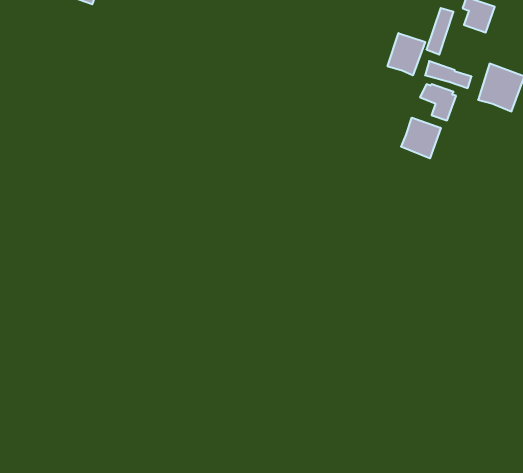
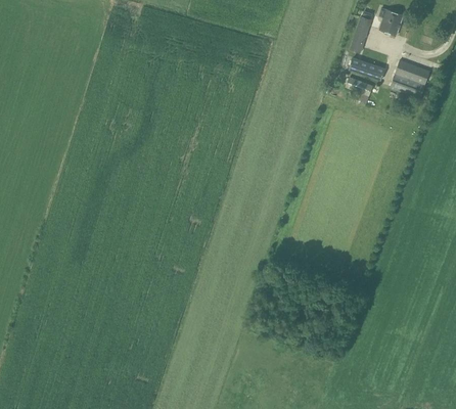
building: [388,33,425,75] -> none
building: [401,118,441,158] -> none

